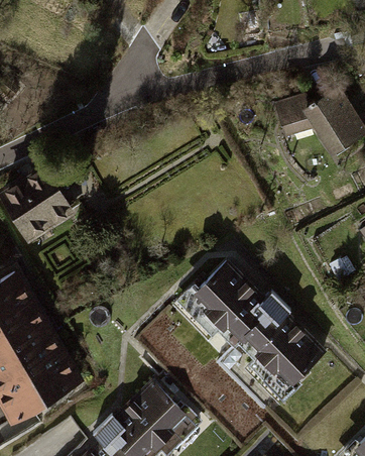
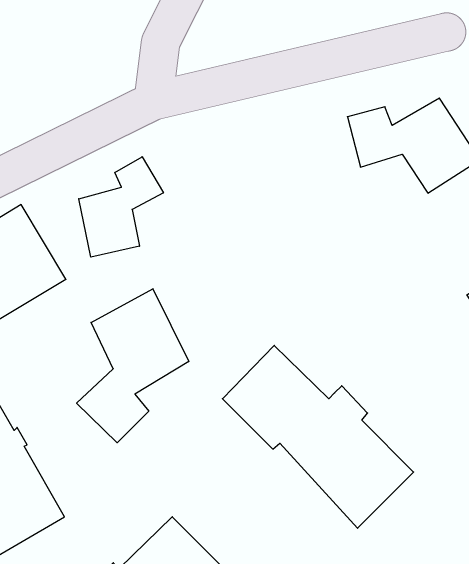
building: none -> [79,157,163,257]
building: none -> [77,289,189,443]

